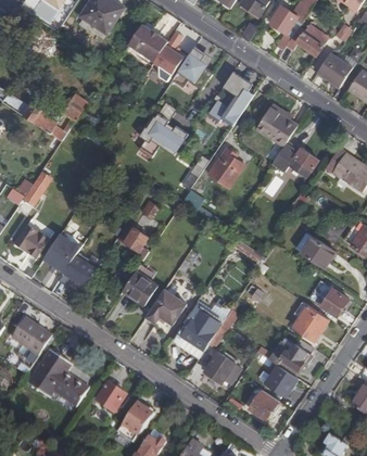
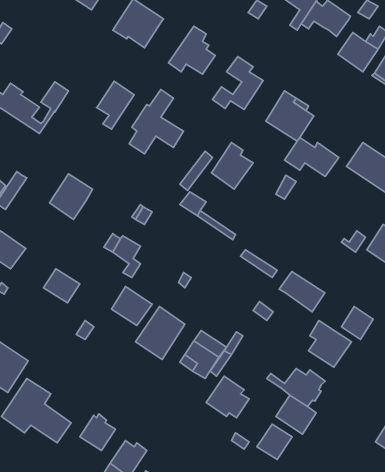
building: [150,43,182,85] -> [96,81,134,129]
building: [294,231,333,266] -> [279,271,325,312]
building: [43,232,80,271] -> [49,174,92,219]

